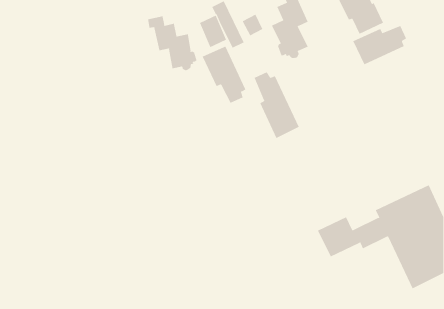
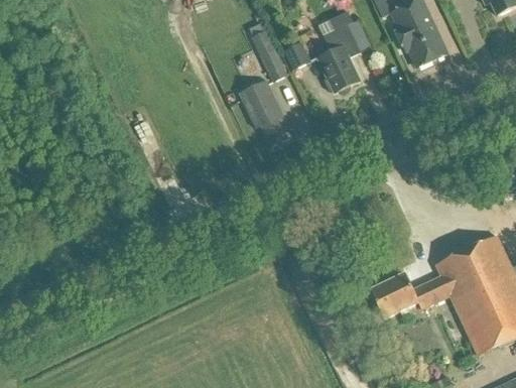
building: [147,16,197,71] -> none
building: [352,25,407,65] -> none
building: [254,71,299,139] -> none

